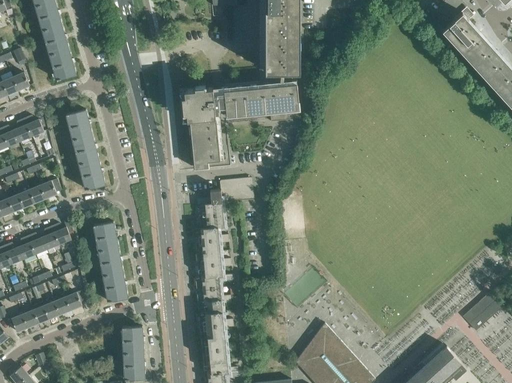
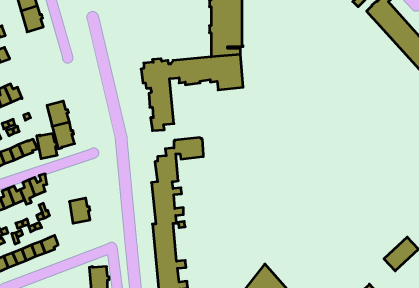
building: [49,49,75,80] -> none
building: [65,110,91,140] -> none
building: [93,222,117,251] -> [37,133,57,159]
building: [102,272,127,302] -> none

